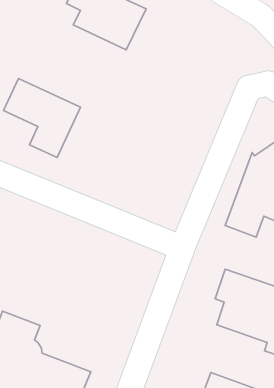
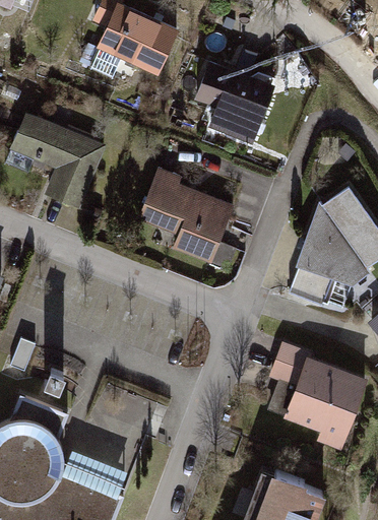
building: none -> [198,62,279,132]
building: none -> [142,173,238,265]

